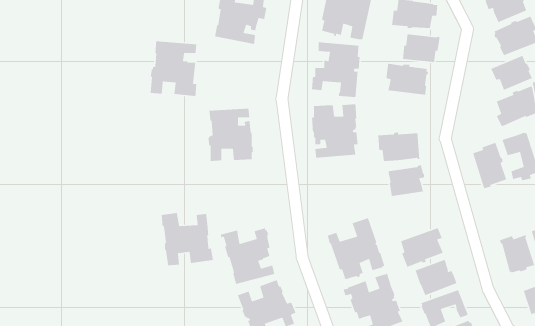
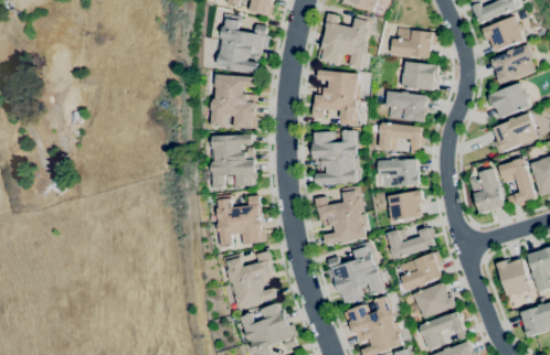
building: [150,40,197,97] -> [211,74,257,129]
building: none -> [379,122,424,154]
building: none -> [315,185,367,244]
building: none -> [387,227,435,259]
building: [161,212,214,266] -> [214,194,266,247]

